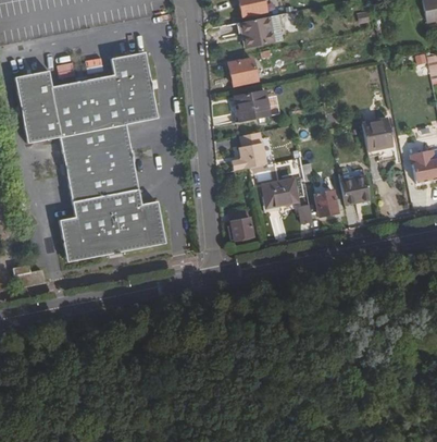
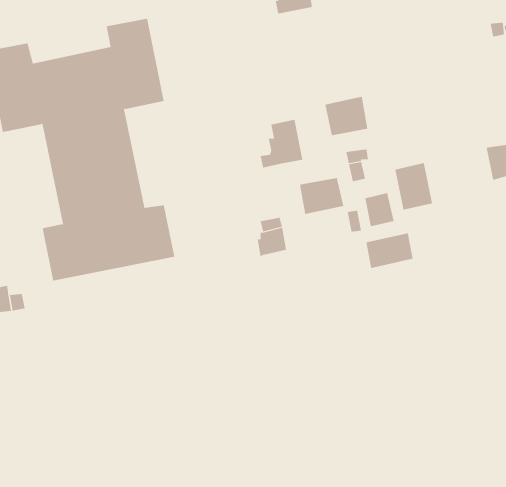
building: [228,59,258,86] -> none
building: [235,90,270,122] -> [324,96,368,136]
building: [363,118,394,151] -> none
building: none -> [366,232,413,269]

